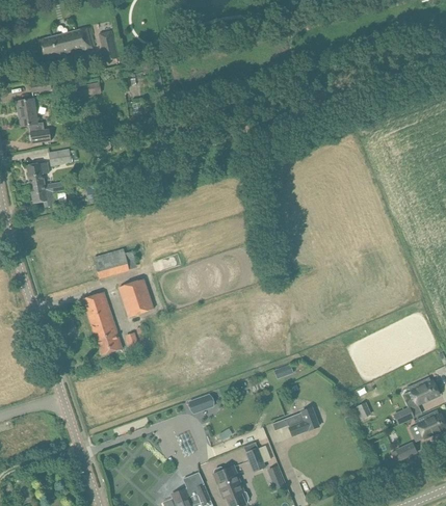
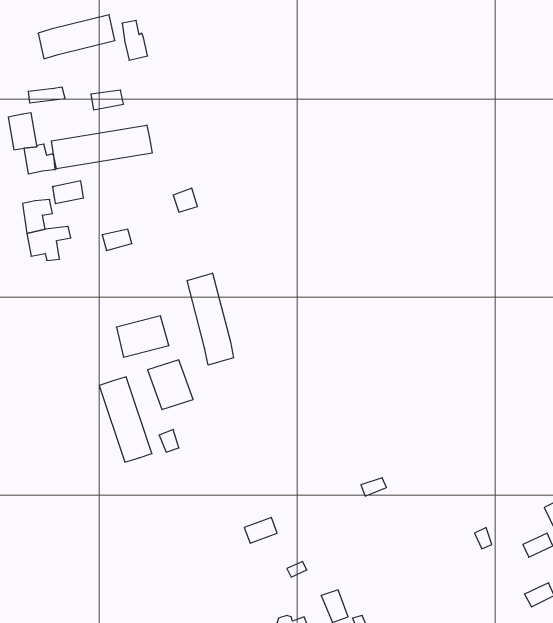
building: none -> [51,125,152,169]
building: none -> [187,273,234,365]
building: [289,406,319,435] -> none

